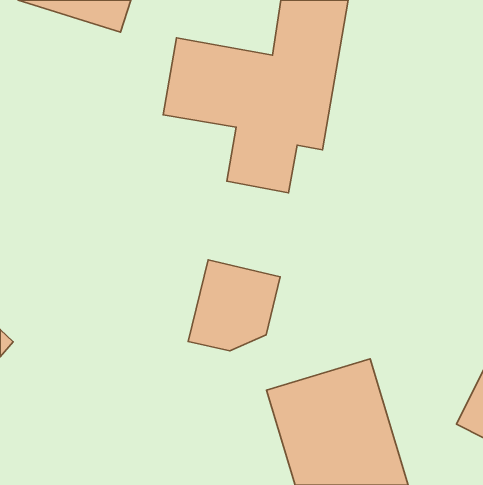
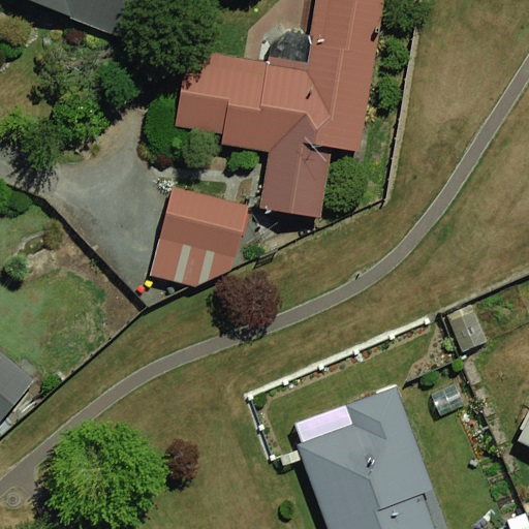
building: [188,260,280,351] -> [152,189,252,288]

